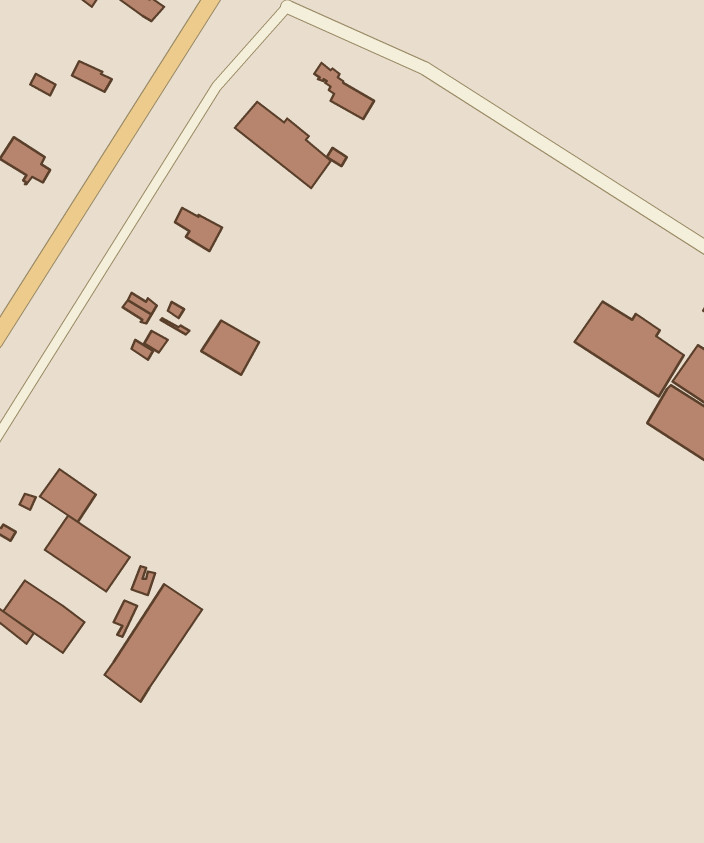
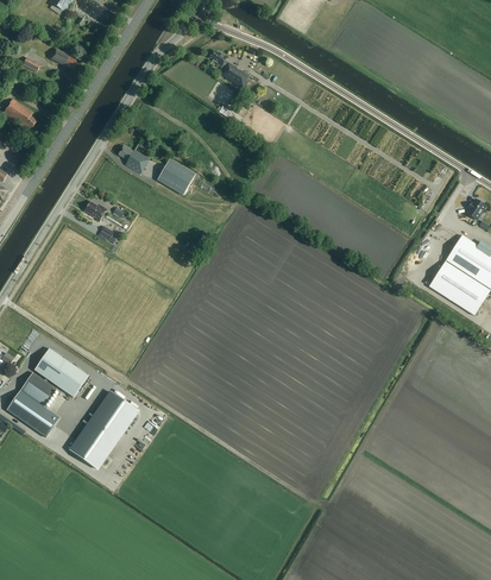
building: [235,102,331,188] -> none
building: [575,302,684,397] -> none
building: [201,320,259,375] -> [157,158,195,194]
building: [40,469,96,522] -> [20,371,57,405]

